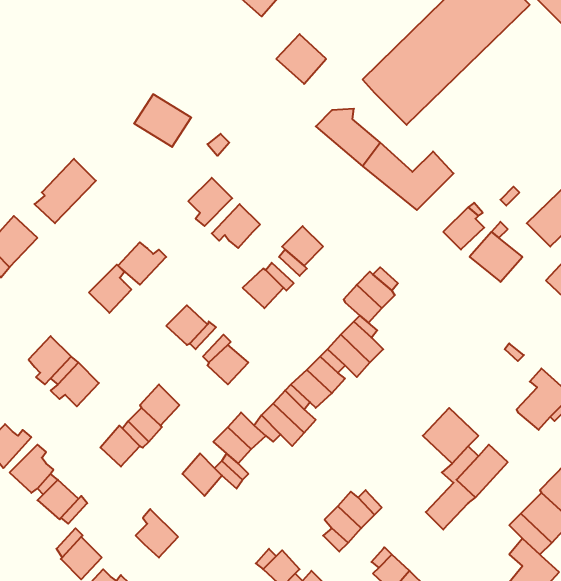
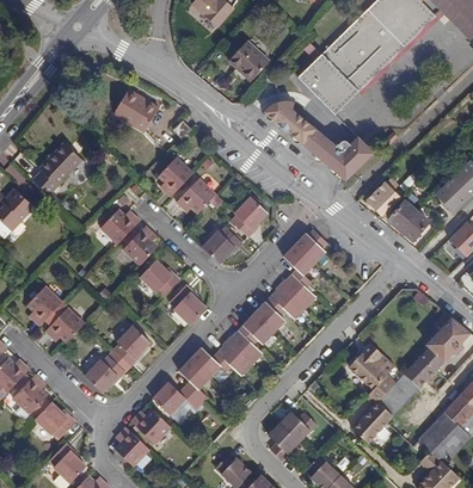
building: [89,265,131,313] -> [123,226,158,265]
building: none -> [403,347,443,388]
building: none -> [131,408,171,444]

